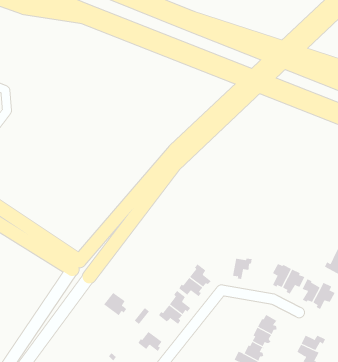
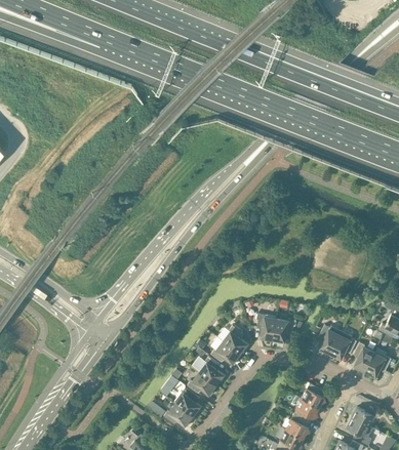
building: none -> [257,314,278,341]
building: [103,292,127,316] -> [175,388,203,416]

